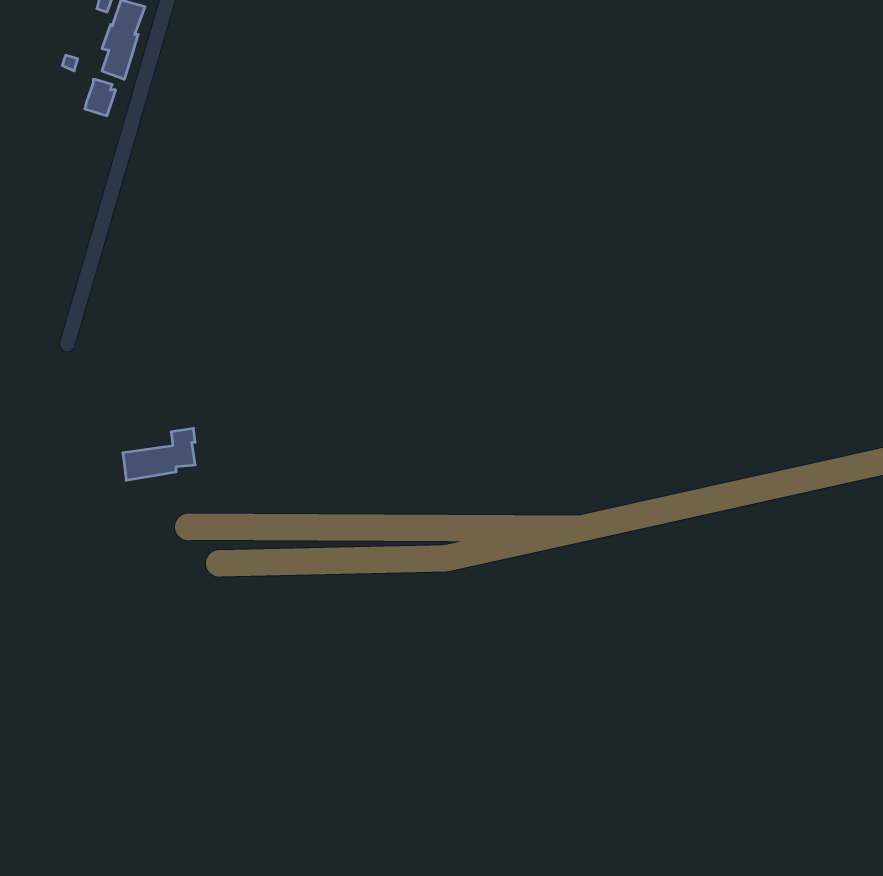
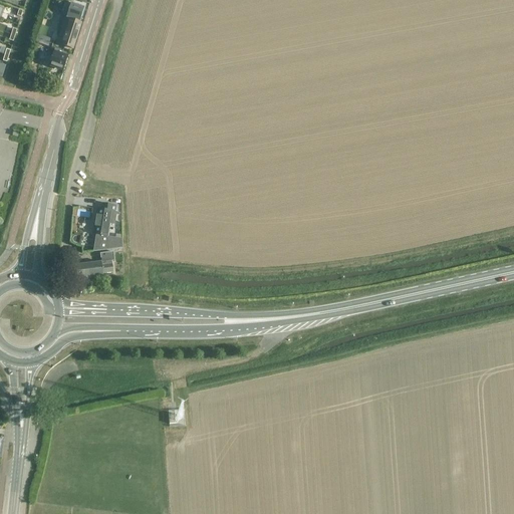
building: none -> [91,200,121,248]

